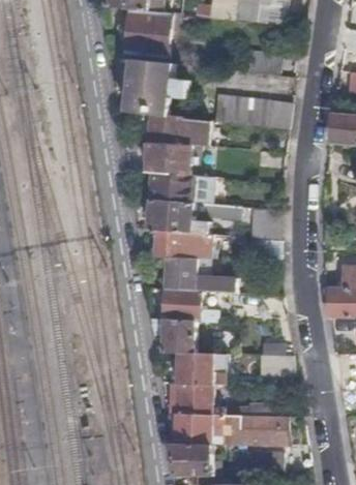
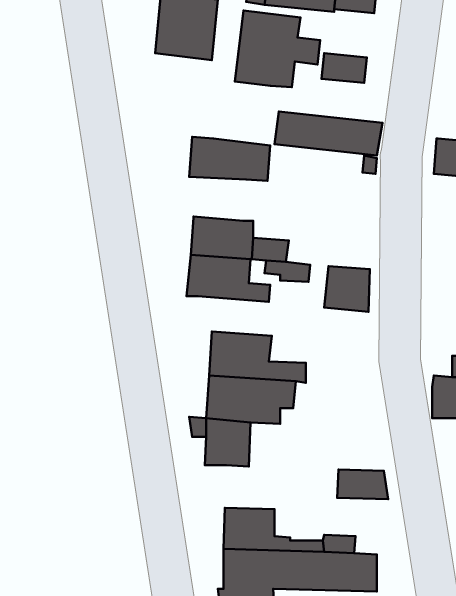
building: [125,58,187,114] -> [235,10,320,87]
building: [143,142,190,174] -> none
building: [152,229,211,257] -> none
building: [175,352,224,384] -> none

